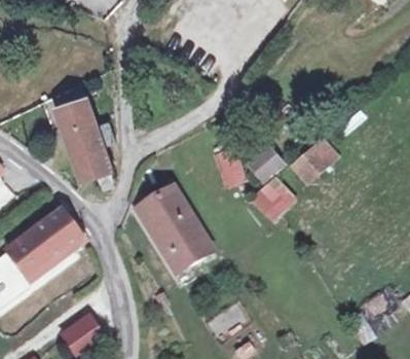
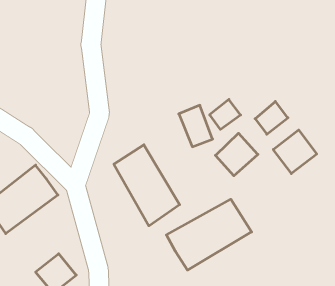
building: [60,97,120,168] -> none
building: none -> [273,130,317,174]
building: none -> [166,199,252,270]

